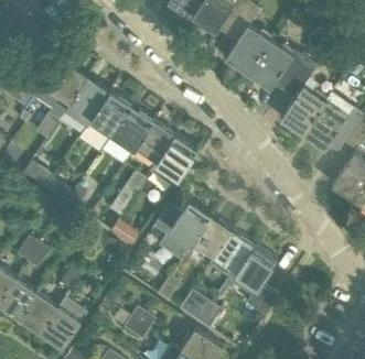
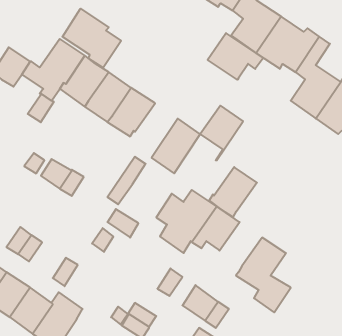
building: none -> [62,9,121,68]
building: none -> [208,33,263,80]
building: [136,121,175,172] -> [200,106,243,160]
building: [210,231,254,278] -> [209,167,257,217]

